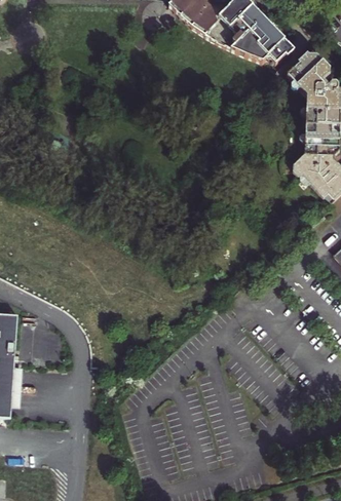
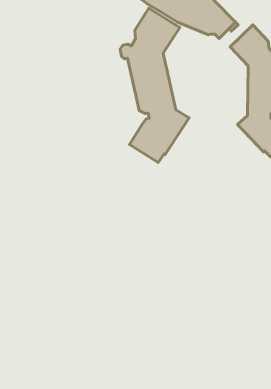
building: none -> [120,8,189,162]

